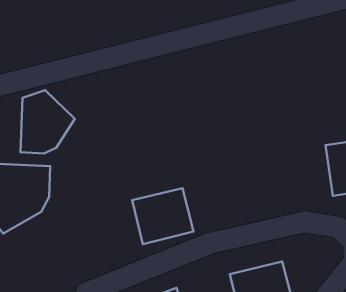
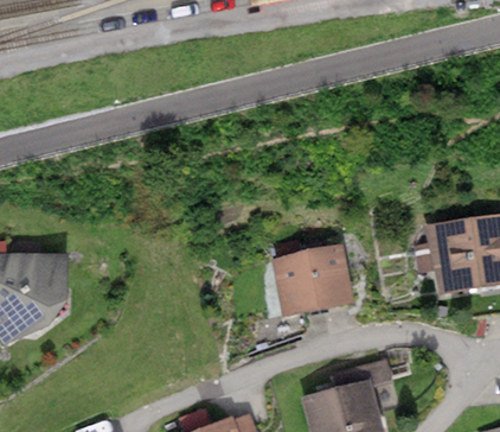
building: [20,90,75,154] -> none
building: [132,188,193,244] -> [271,244,352,318]

